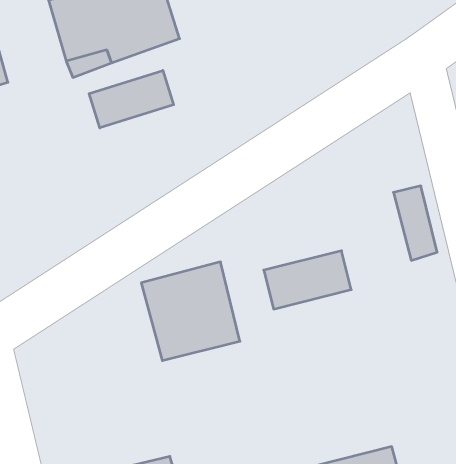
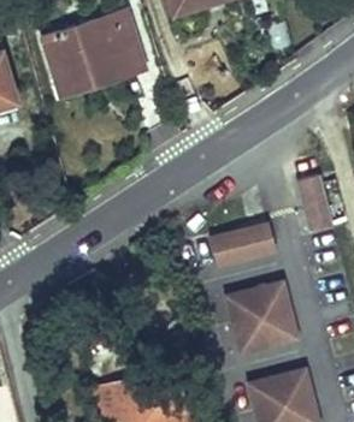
building: [89,70,174,128] -> none
building: [141,262,240,361] -> [218,281,291,355]

